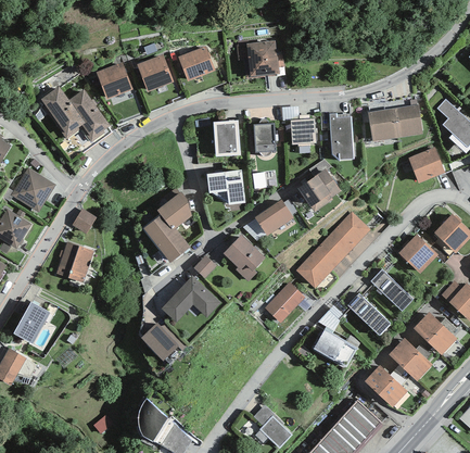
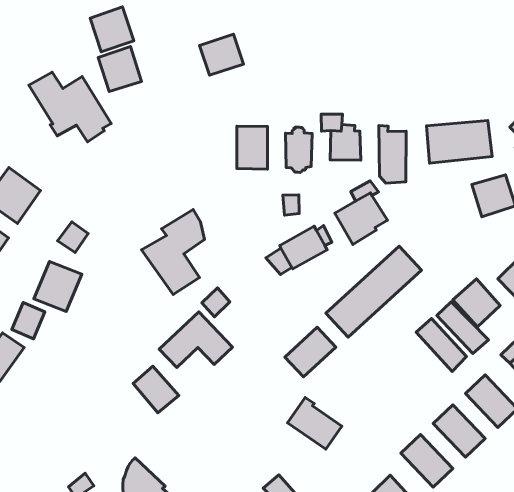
building: [246,40,283,76] -> none
building: [137,53,174,91] -> [90,7,134,52]
building: [206,169,245,204] -> none
building: [223,234,265,280] -> none
building: none -> [12,302,45,339]
building: [347,293,391,335] -> [437,302,488,353]
building: [313,326,357,367] -> [288,397,342,449]

